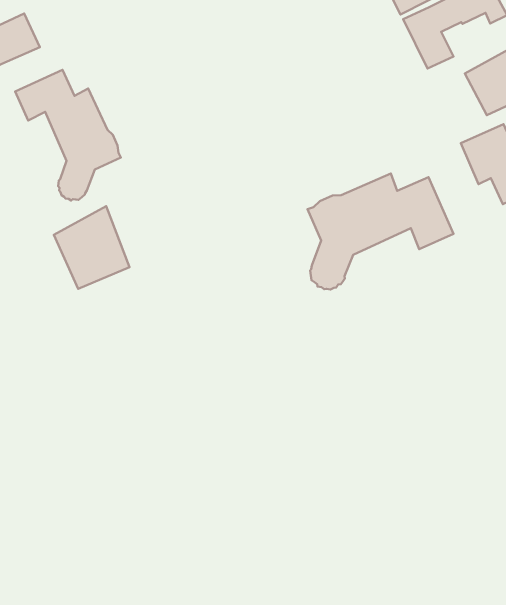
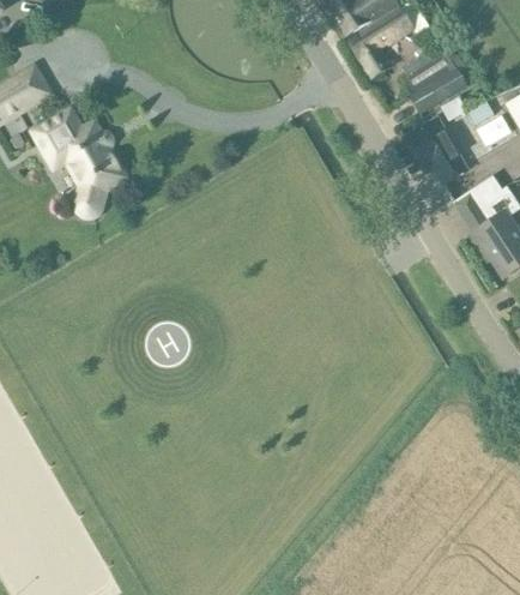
building: [308,174,454,290] -> none
building: [54,206,129,289] -> none

